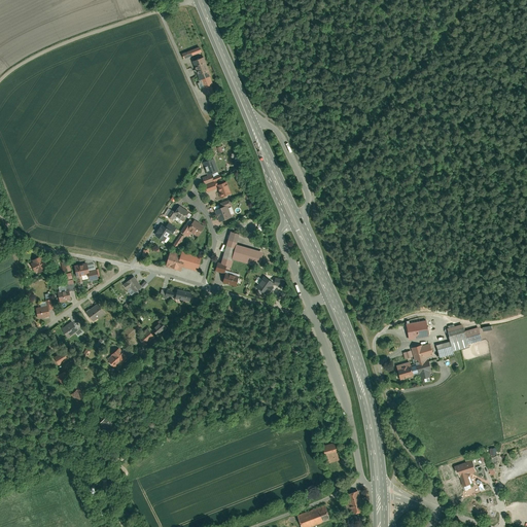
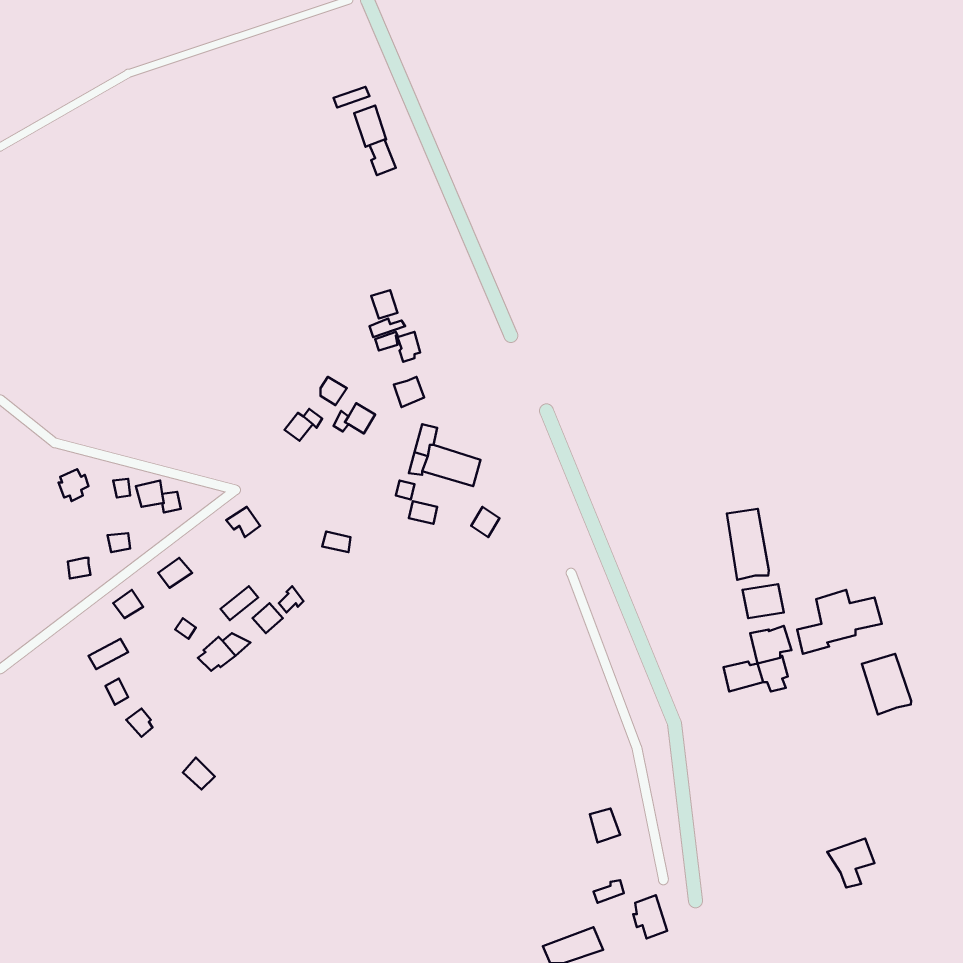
building: [167,250,202,271] -> none
building: none -> [727,509,769,580]
building: none -> [862,654,911,715]

